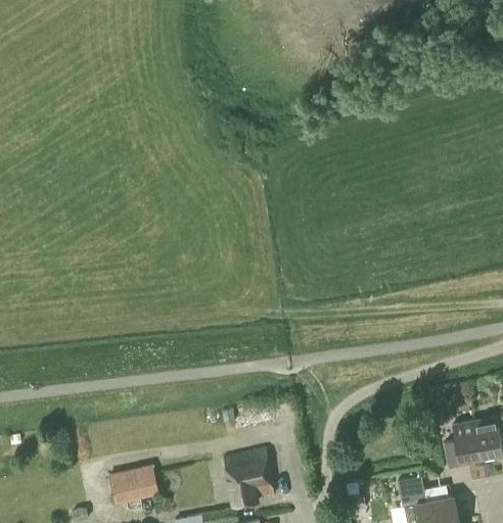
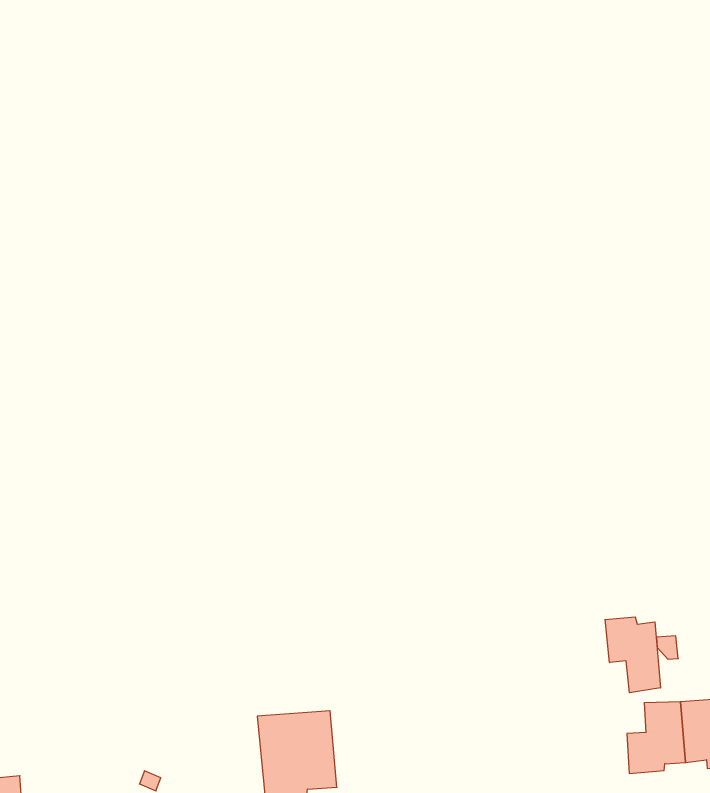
building: none -> [605,617,661,693]
building: [110,463,161,502] -> none

